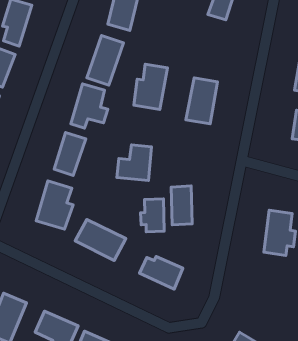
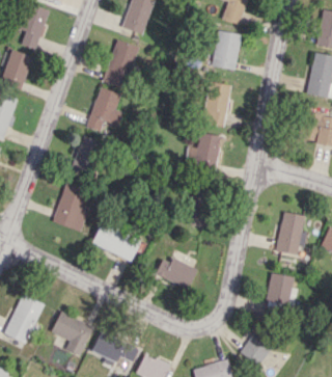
building: none -> [212,30,242,70]
building: [134,64,168,110] -> none
building: [117,145,152,181] -> [186,133,220,168]
building: [141,199,164,232] -> none
building: none -> [266,272,298,311]

